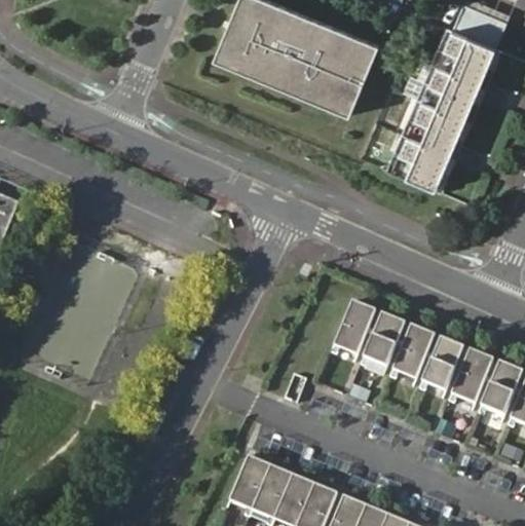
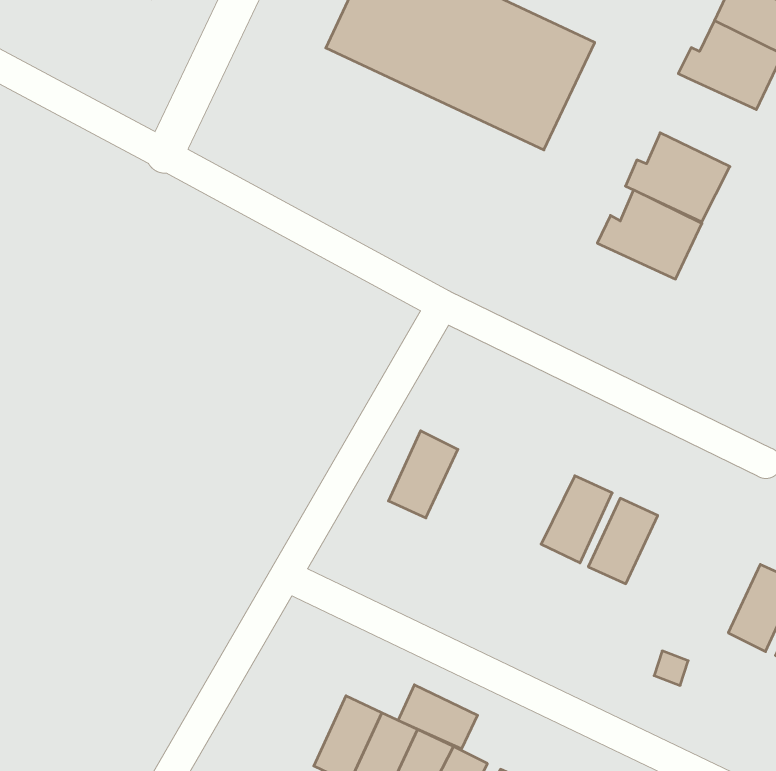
building: [417,65,481,118] -> none
building: [334,301,375,354] -> [388,431,458,518]
building: [422,337,463,390] -> none
building: [451,349,493,403] -> none
building: none -> [398,685,478,749]

